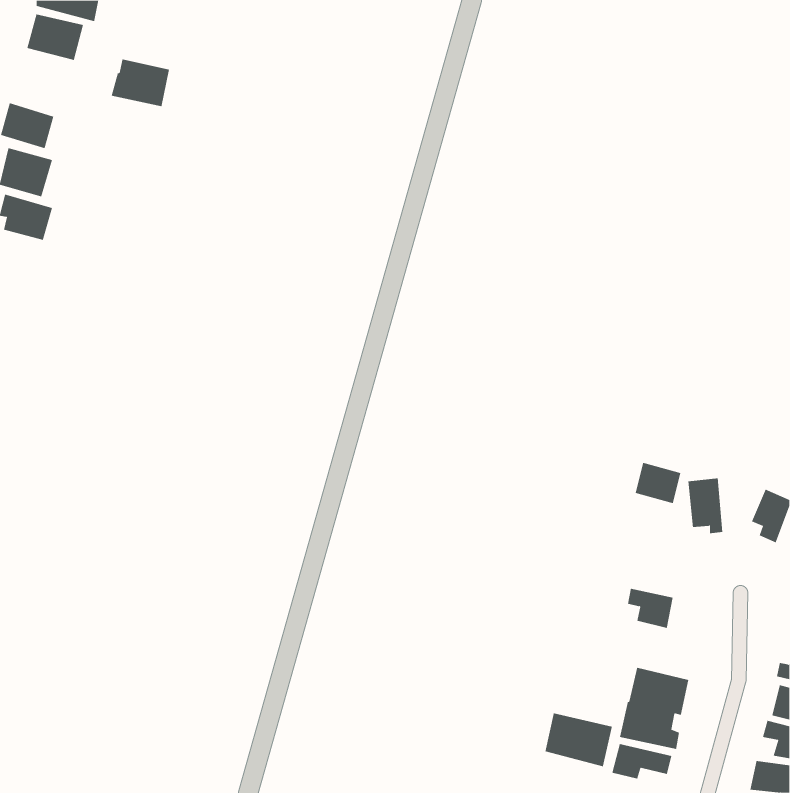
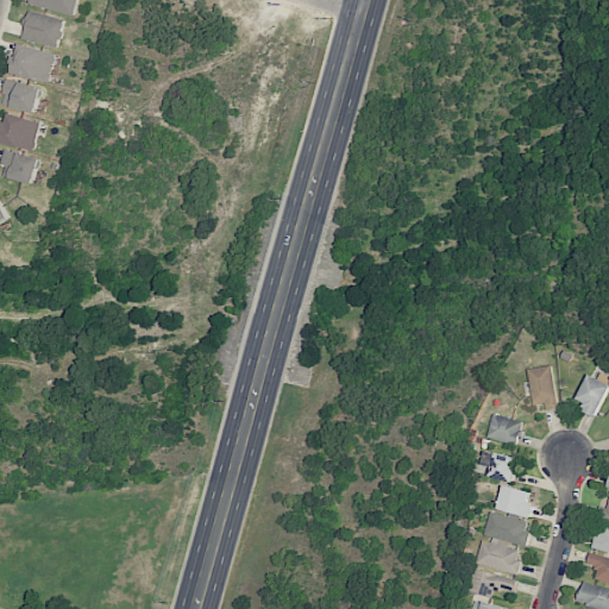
building: [111,59,170,107] -> [10,45,55,82]
building: [635,462,681,504] -> [485,414,521,446]
building: none -> [496,485,533,517]
building: [545,712,613,767] -> none

